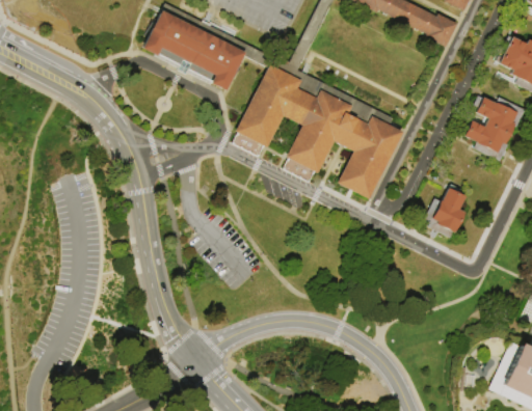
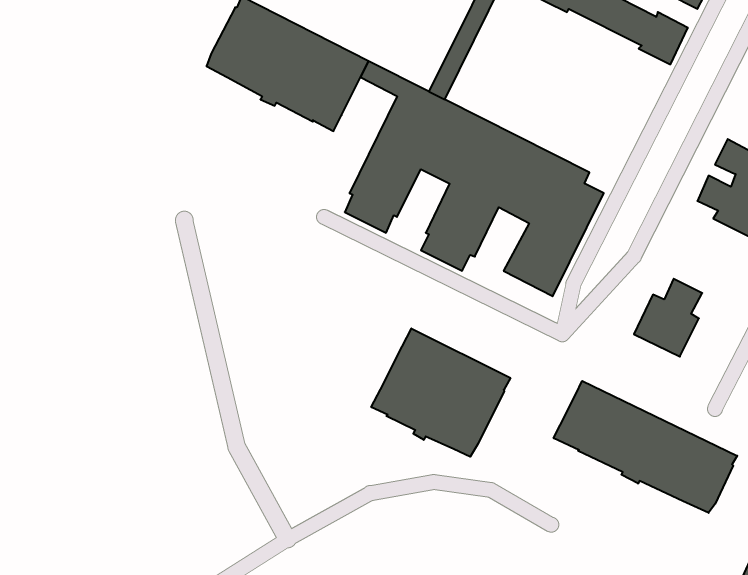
building: none -> [371,328,510,457]
building: none -> [554,381,737,513]

